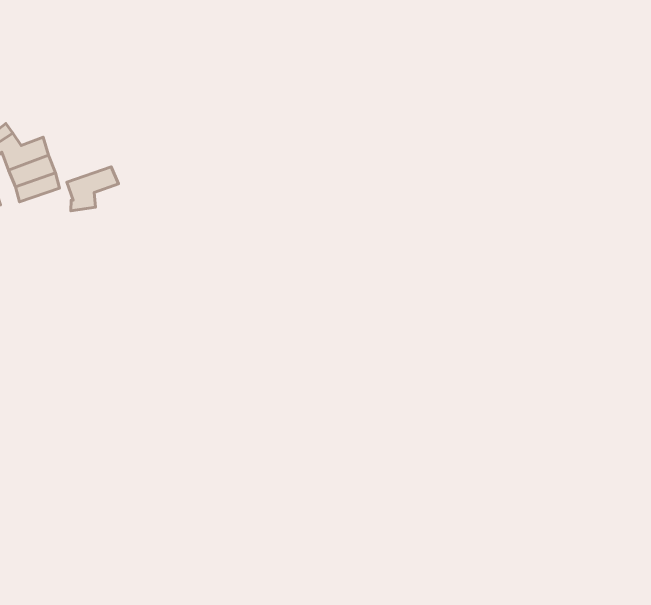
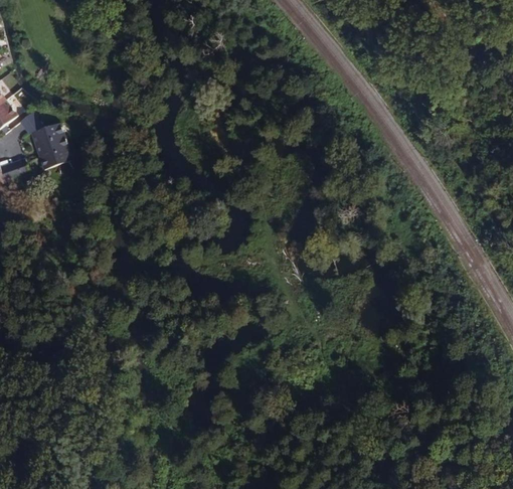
building: [67,167,118,211] -> none

